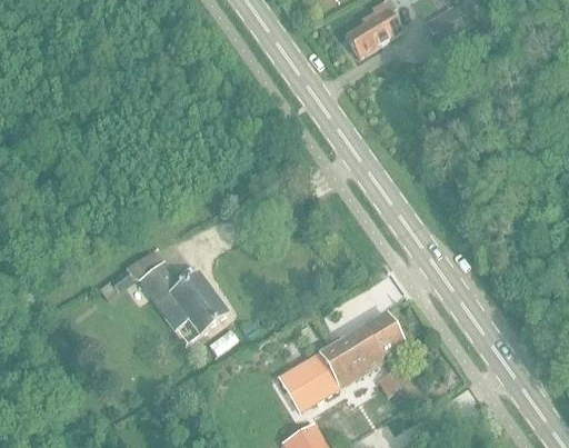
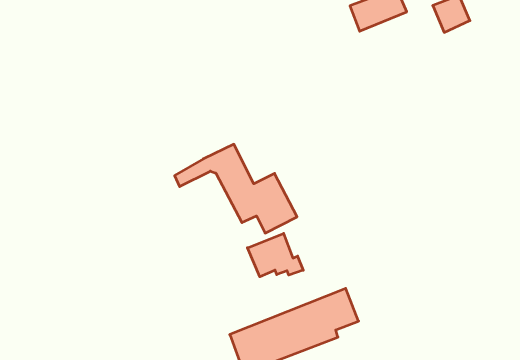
building: [101,249,228,331] -> [175,144,297,233]
building: none -> [247,233,303,277]

